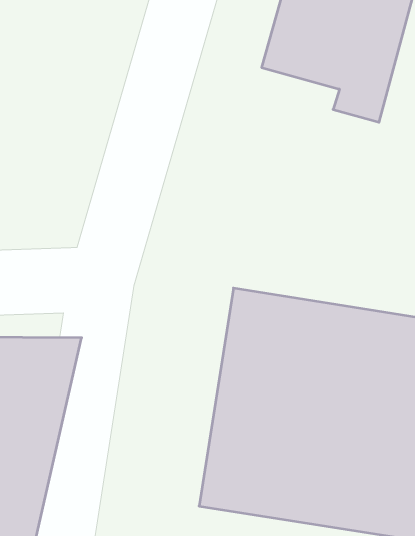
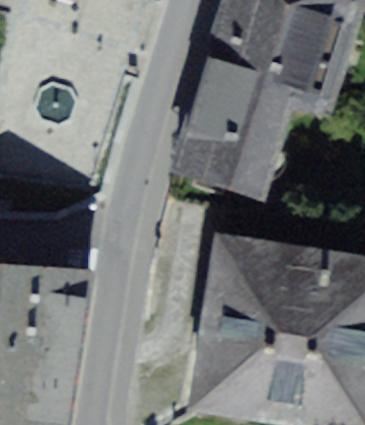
building: none -> [177,50,294,189]

